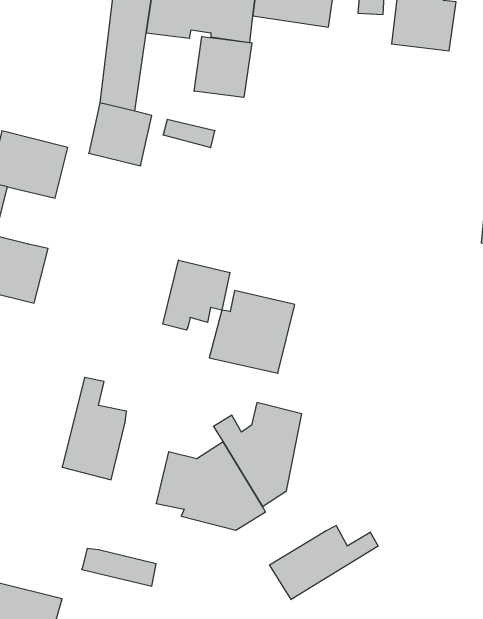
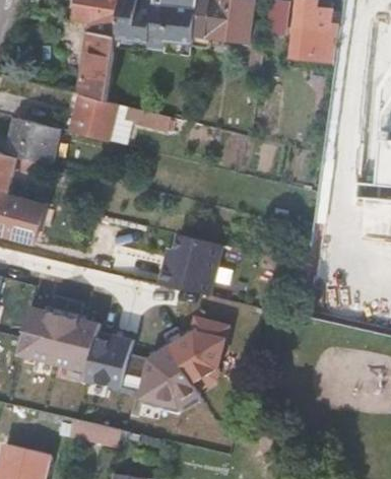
building: [194,36,252,97] -> none
building: [163,260,230,330] -> none
building: none -> [17,292,68,361]
building: none -> [85,329,132,388]
building: [269,526,378,600] -> none

